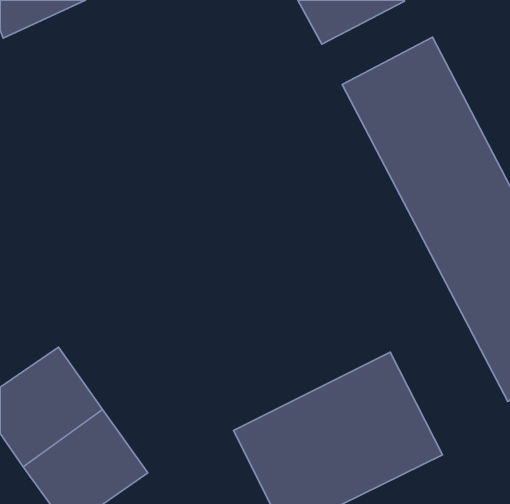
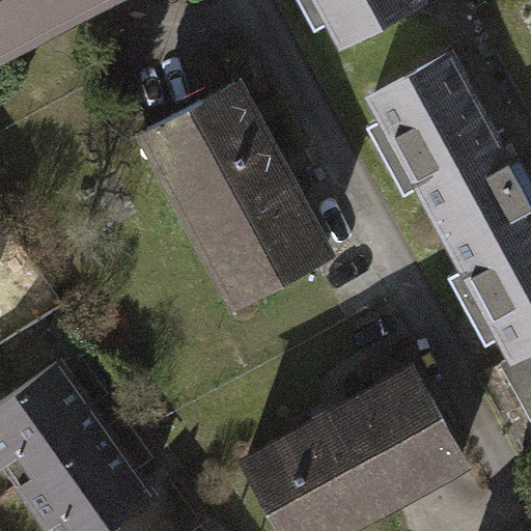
building: none -> [146,78,332,299]

